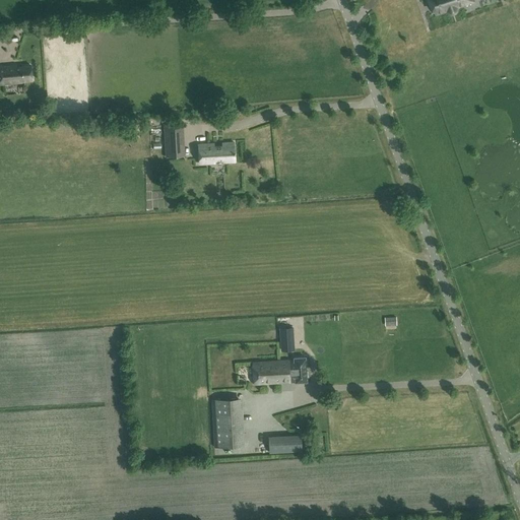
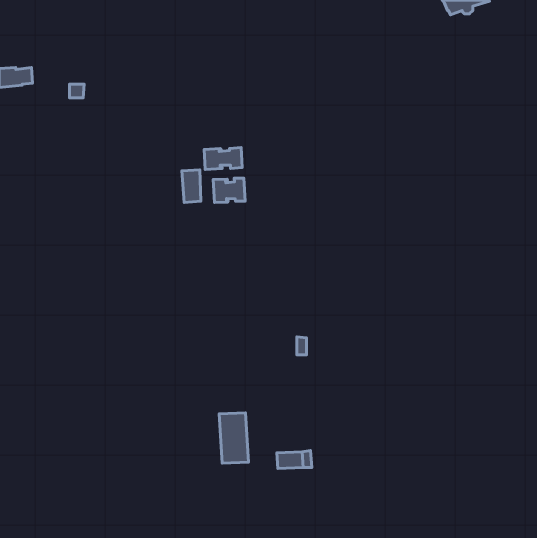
building: [164,126,182,157] -> [182,170,201,202]
building: none -> [213,178,245,203]
building: [252,358,306,384] -> none

